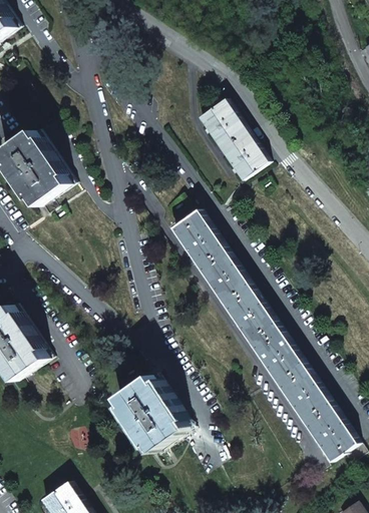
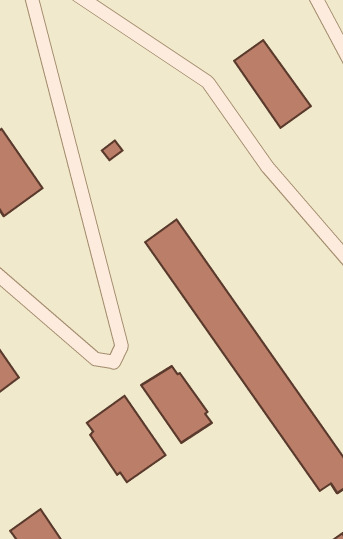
building: [196,99,267,180] -> [234,40,311,128]
building: none -> [141,366,212,443]

